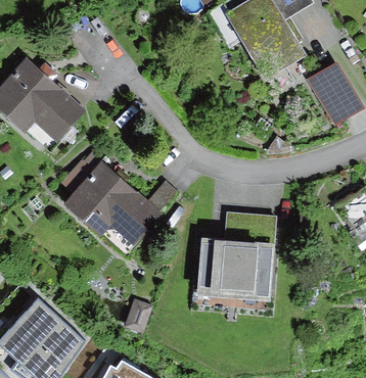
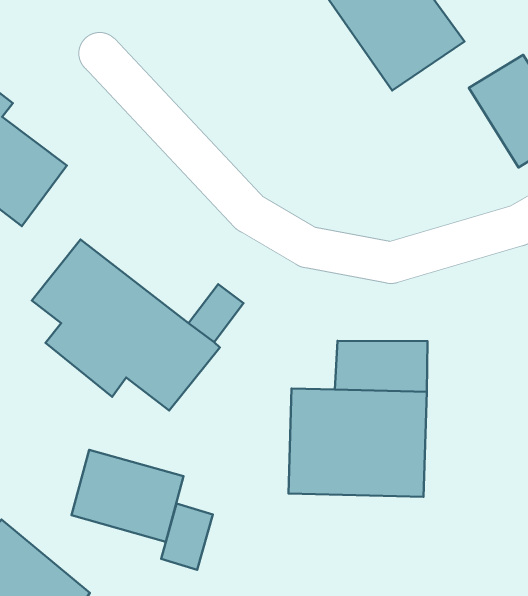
building: none -> [71,450,184,542]

